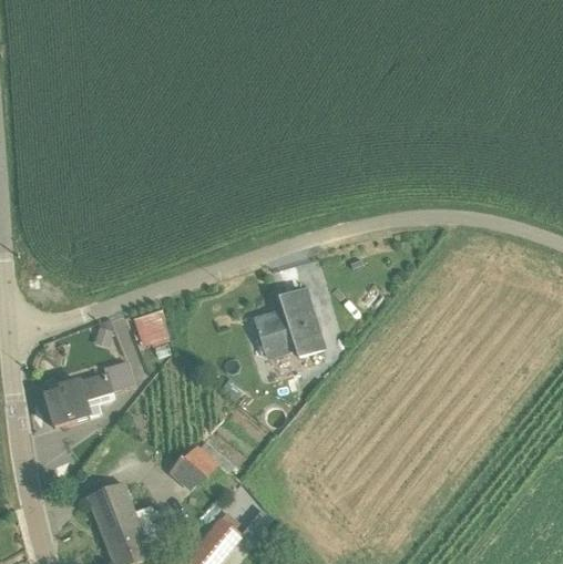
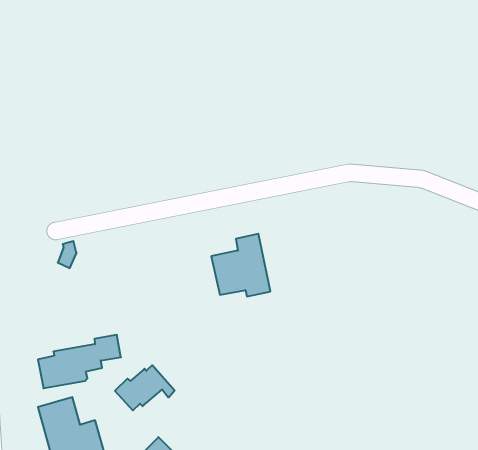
building: [132,308,167,345] -> none
building: [44,360,132,424] -> [38,335,121,388]

